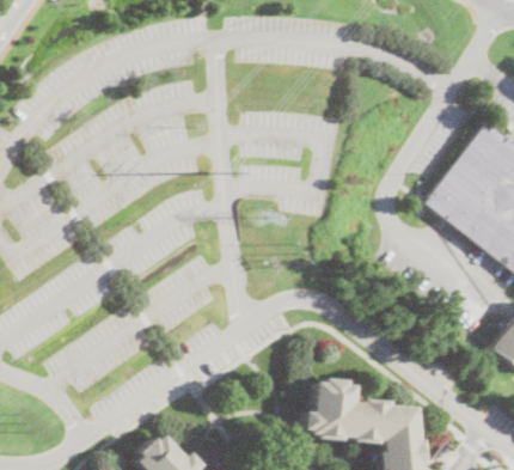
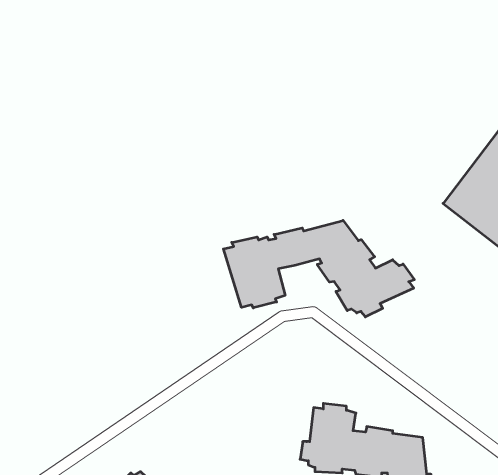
building: none -> [223,220,414,317]

